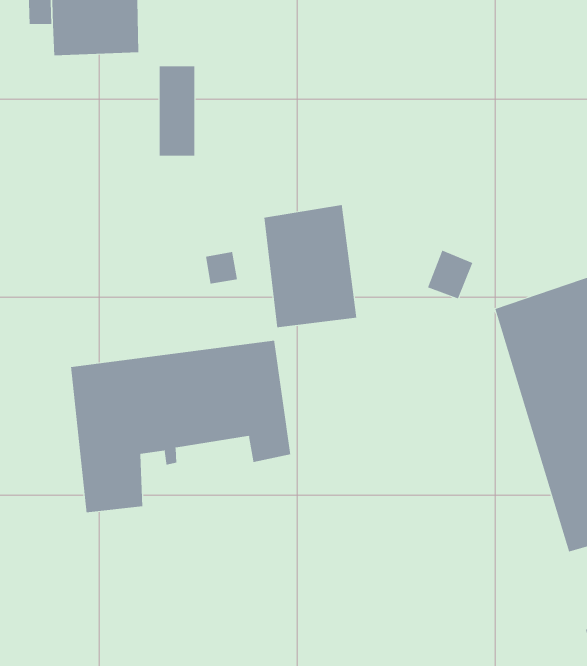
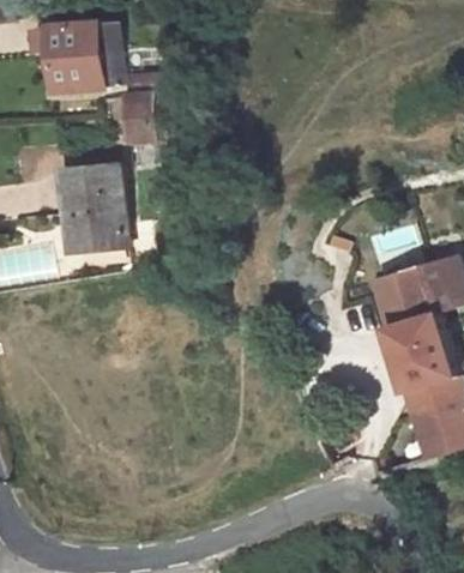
building: [263,204,357,328] -> [64,164,132,254]
building: [70,340,291,513] -> none

